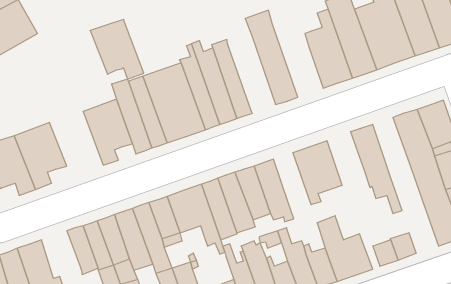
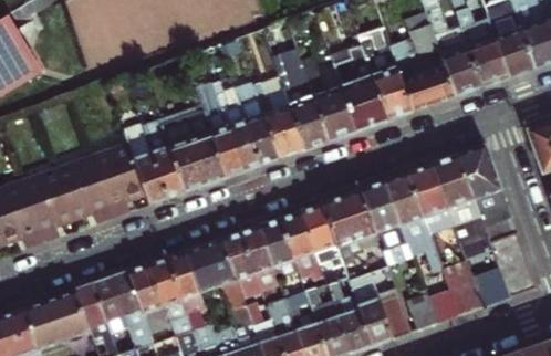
building: [90,19,144,79] -> [56,158,115,223]
building: none -> [300,60,355,143]
building: none -> [251,76,303,160]
building: none -> [409,165,453,231]
building: none -> [360,180,414,266]
building: none -> [301,203,342,263]
building: none -> [441,259,481,313]
building: none -> [48,289,91,341]

